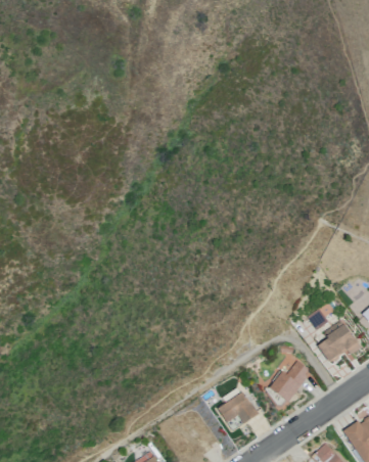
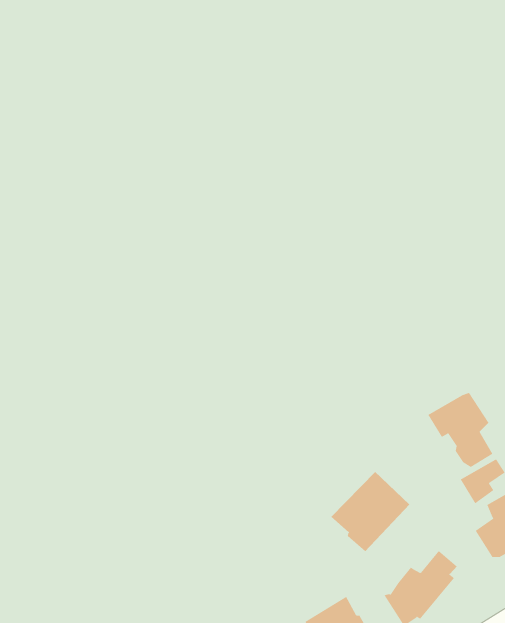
building: none -> [427,392,493,468]
building: none -> [330,471,410,552]

